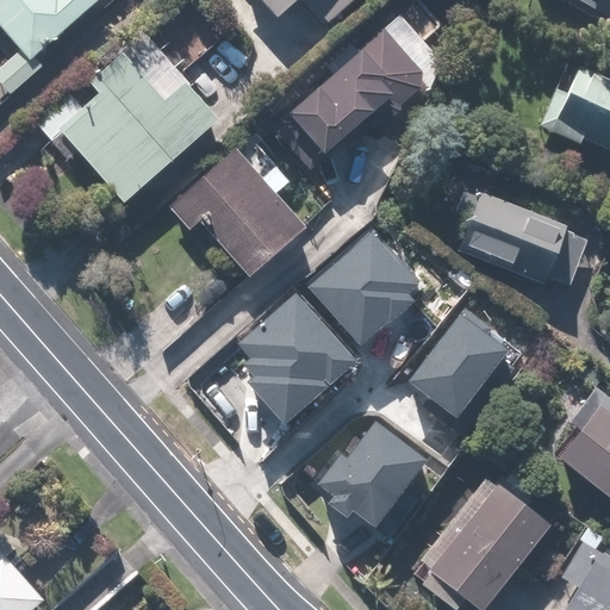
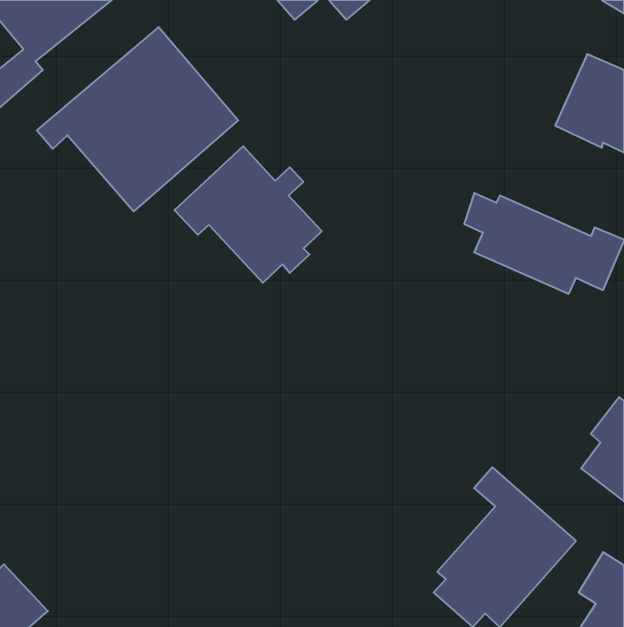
building: [268,32,425,172] -> none
building: [303,235,417,351] -> none
building: [232,301,349,429] -> none
building: [404,311,505,435] -> none
building: [307,423,419,539] -> none

